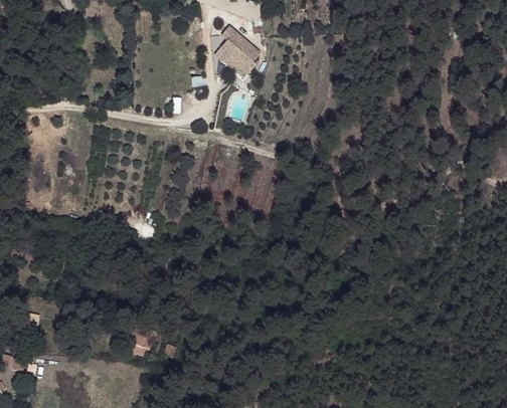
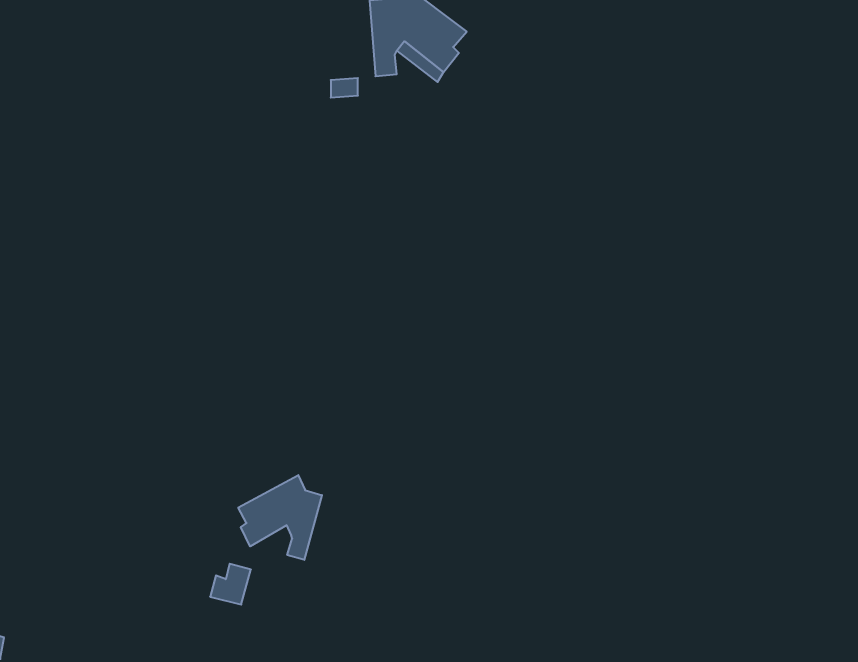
building: none -> [238,475,322,560]

